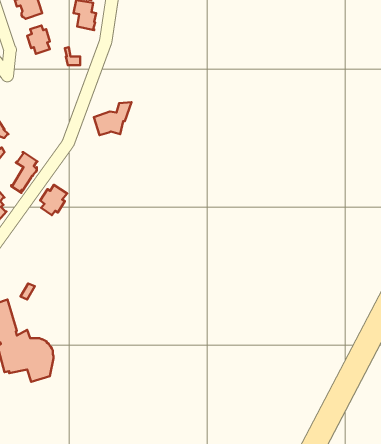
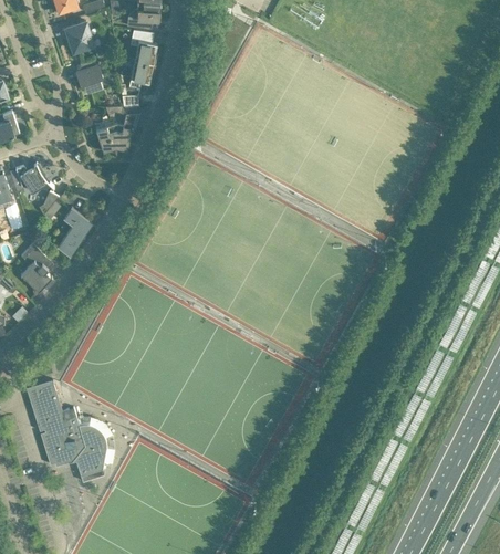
building: none -> [128,60,154,88]
building: [94,102,132,135] -> [95,113,139,151]
building: [40,185,67,215] -> none

